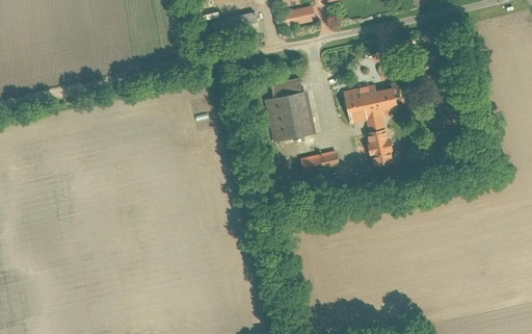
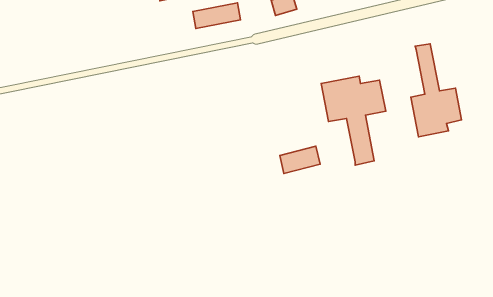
building: none -> [411,44,461,137]
building: [263,77,314,146] -> none

